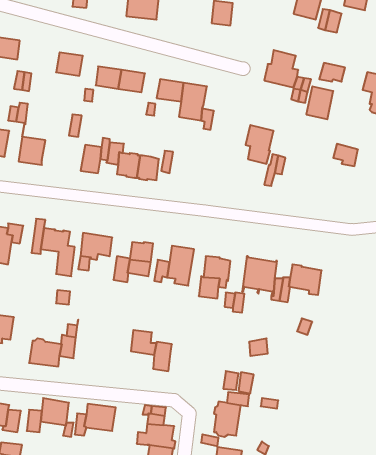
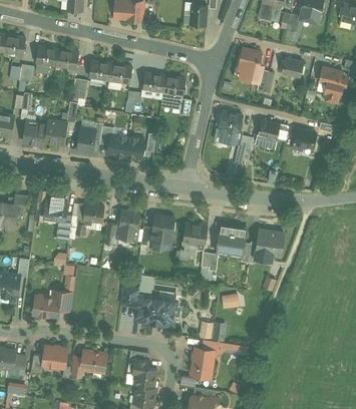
building: none -> [35,46,58,72]
building: [306,86,333,119] -> [255,120,278,148]
building: none -> [43,120,65,144]
building: none -> [151,299,179,325]

